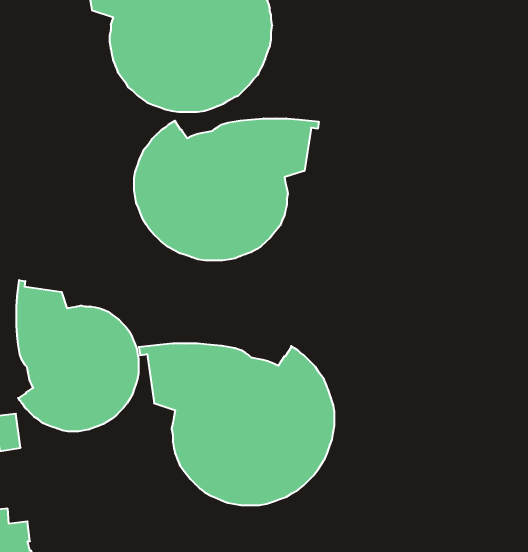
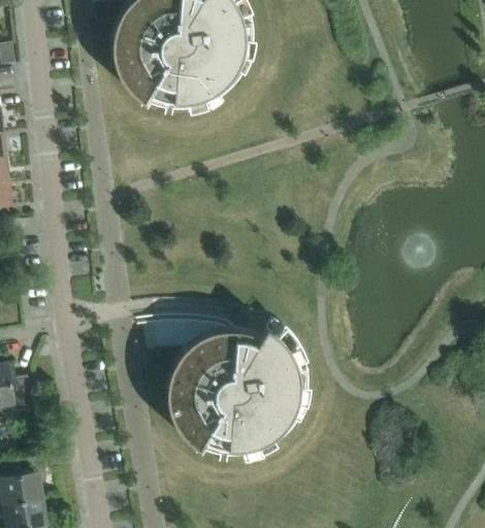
building: [134,118,319,260] -> none
building: [16,280,139,431] -> none

